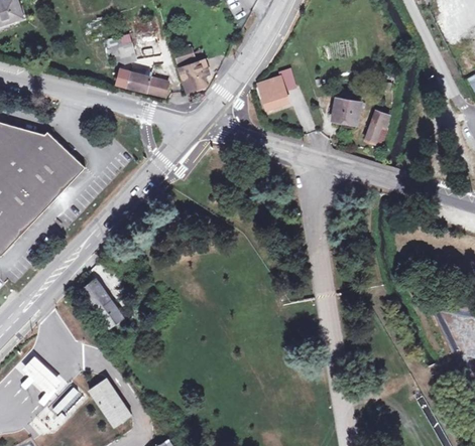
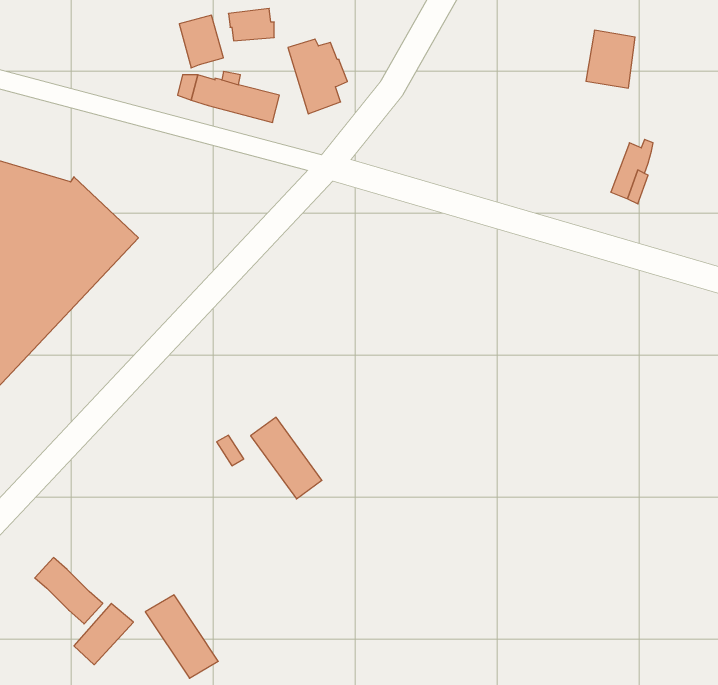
building: [259,69,294,108] -> none
building: [332,91,361,125] -> [586,30,635,88]
building: [81,278,123,326] -> [251,417,322,499]

